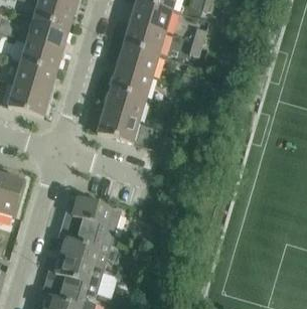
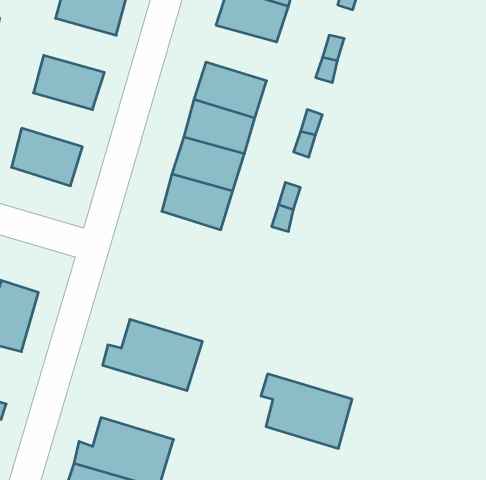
building: [27,16,70,48] -> none
building: [124,20,166,53] -> none
building: [14,60,56,93] -> none
building: [58,222,113,267] -> [261,374,352,448]

